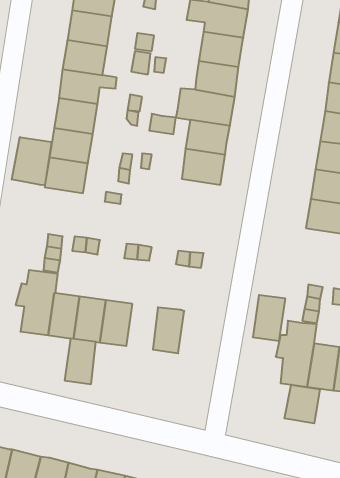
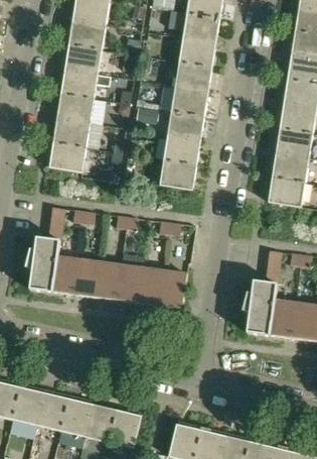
building: [12,137,52,185] -> none
building: none -> [160,160,196,190]
building: [253,295,285,341] -> [161,271,188,310]
building: [65,338,96,384] -> [118,265,144,304]
building: [284,385,320,423] -> none

